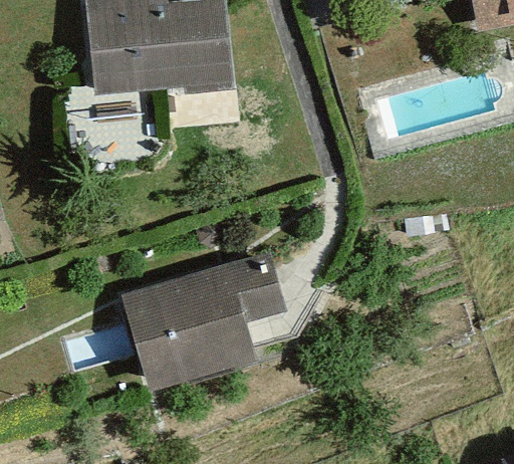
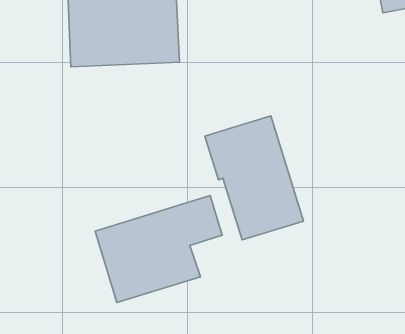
building: none -> [205,116,303,240]

